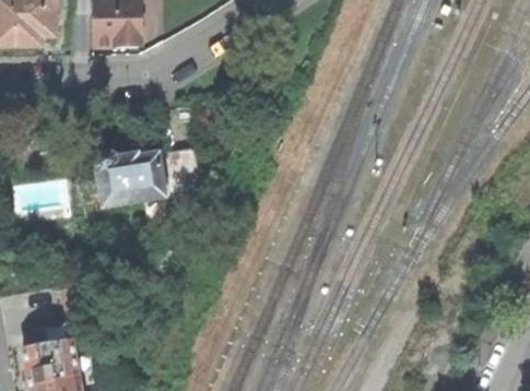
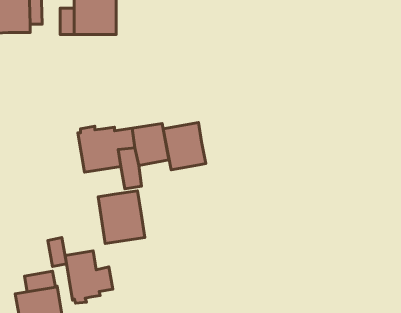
building: none -> [163,123,206,170]
building: none -> [98,191,145,243]
building: none -> [65,251,113,303]

